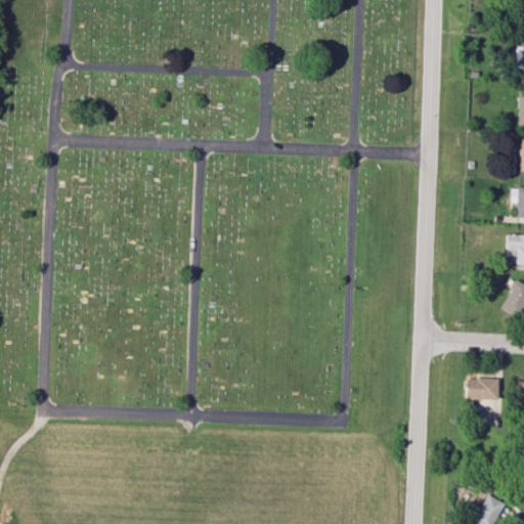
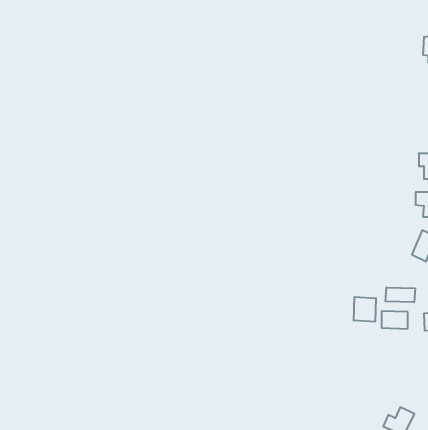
building: none -> [386,287,415,302]
building: none -> [354,297,376,322]

